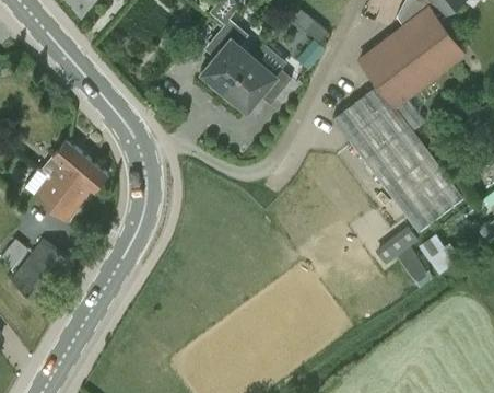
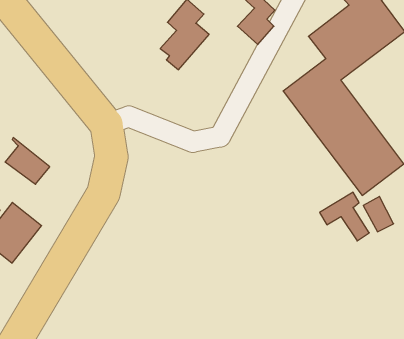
building: [221,58,292,112] -> none
building: [43,140,108,201] -> none

